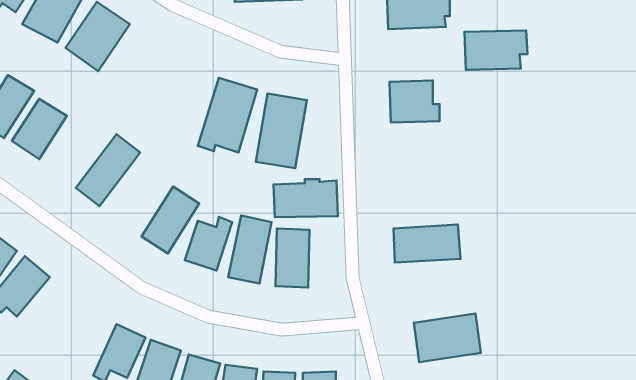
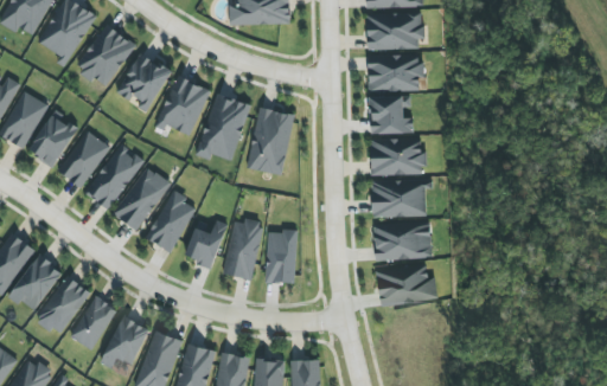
building: [464,30,527,70] -> [368,56,424,91]
building: none -> [115,52,171,112]
building: none -> [156,75,210,137]
building: none -> [57,130,110,187]
building: none -> [370,137,424,175]
building: none -> [113,166,168,231]
building: [273,179,338,217] -> [371,182,429,217]
building: none -> [36,275,89,336]
building: none -> [68,295,116,349]
building: [414,314,481,362] -> [376,263,436,307]

